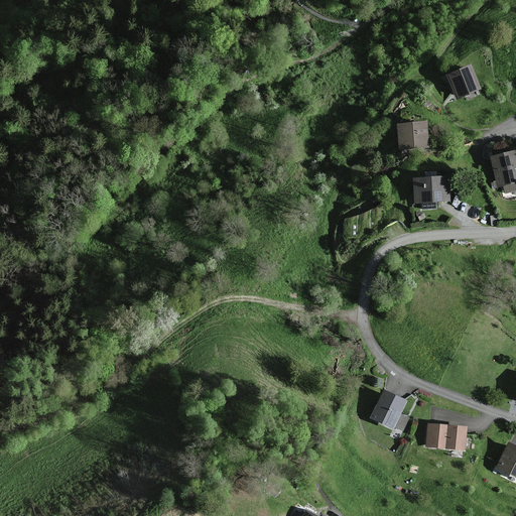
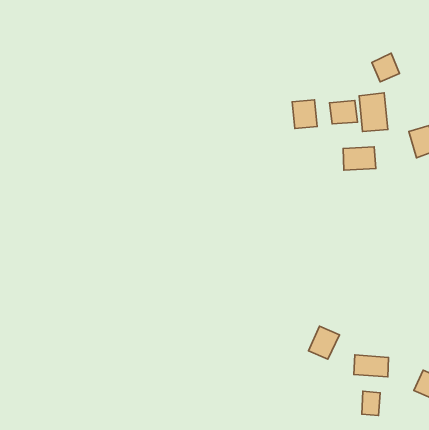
building: none -> [359,93,388,132]
building: none -> [292,100,317,128]
building: none -> [362,391,380,415]

